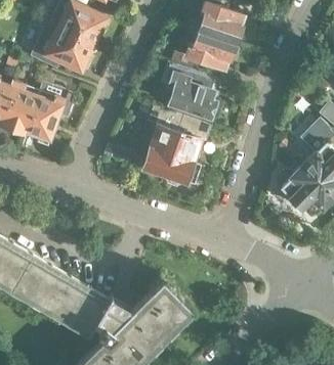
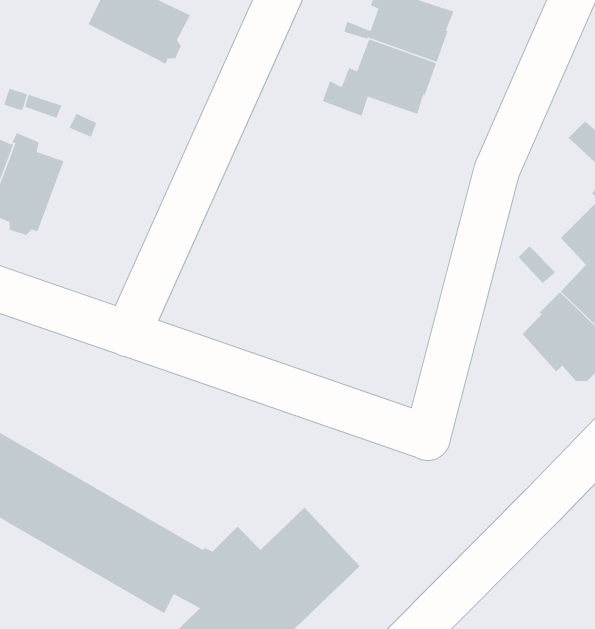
building: [30,21,92,70] -> none
building: [160,61,221,120] -> none
building: [25,95,66,146] -> none
building: [140,103,212,185] -> none

